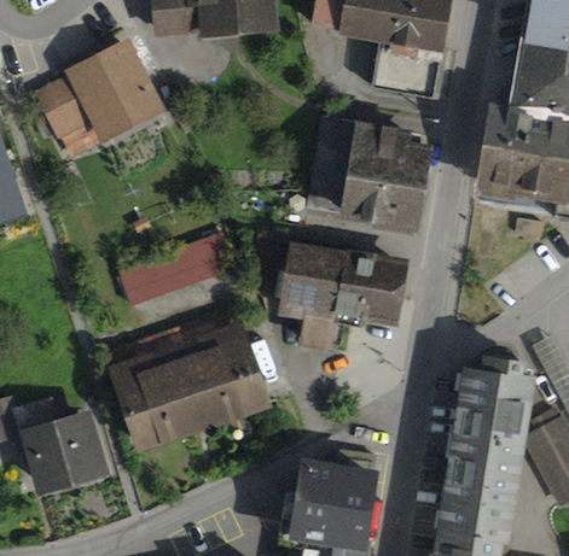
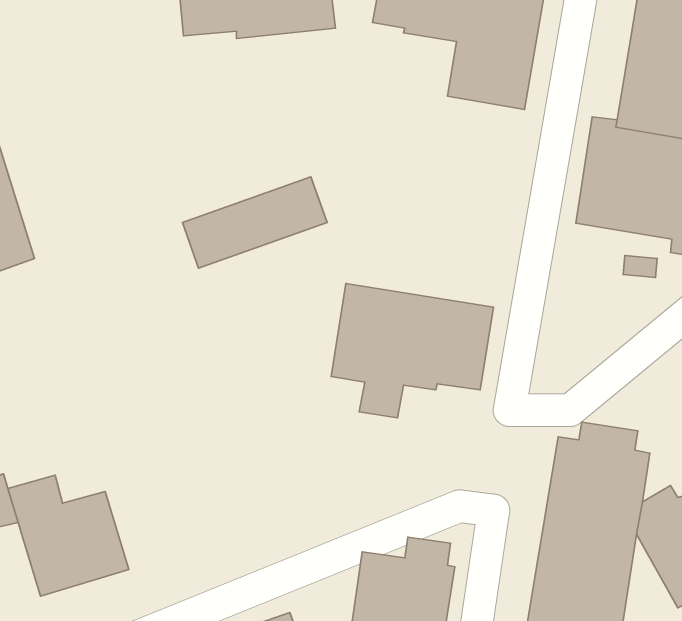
building: [35,37,166,146] -> none
building: [308,117,432,235] -> none
building: [116,232,234,306] -> [182,177,327,268]
building: [106,320,272,453] -> none

